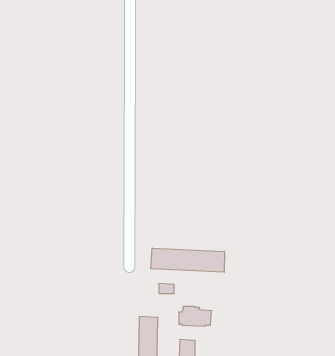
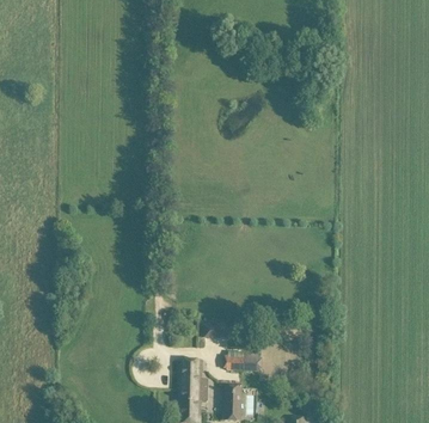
building: [151,248,224,272] -> none

